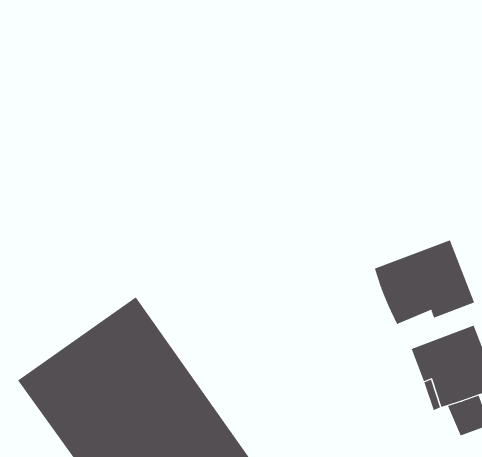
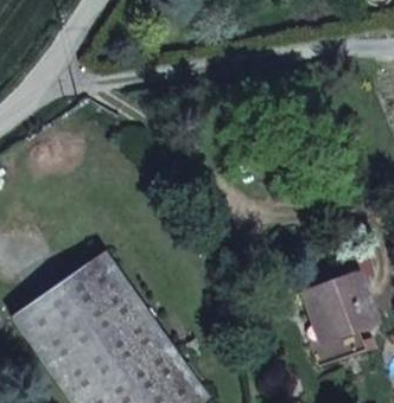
building: [374,239,475,325] -> none

